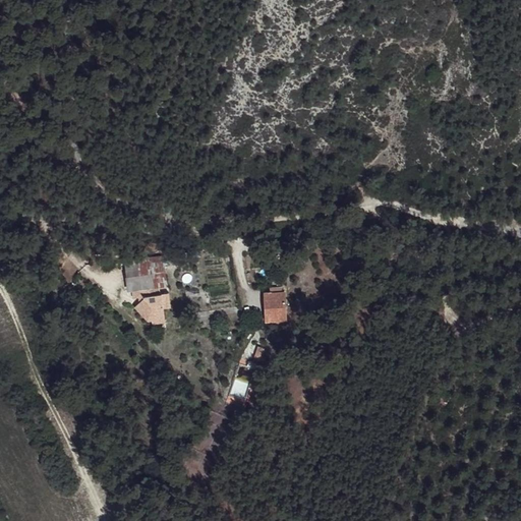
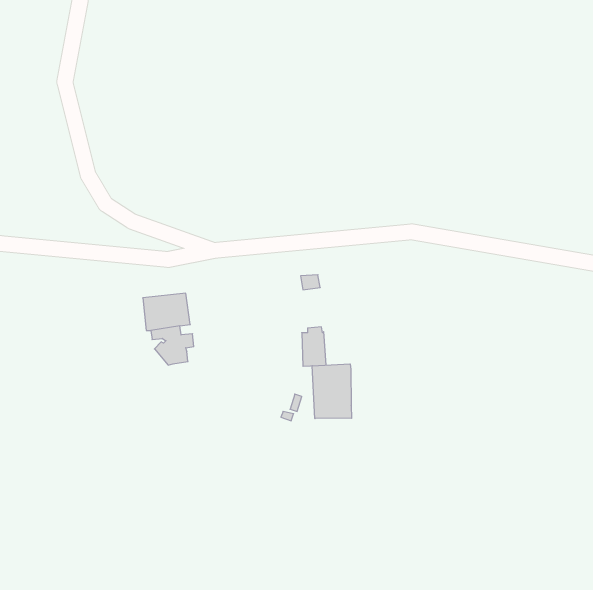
building: none -> [312,364,352,419]

